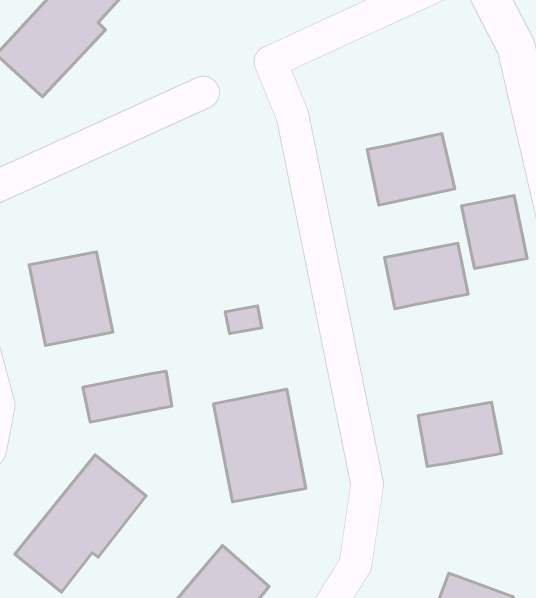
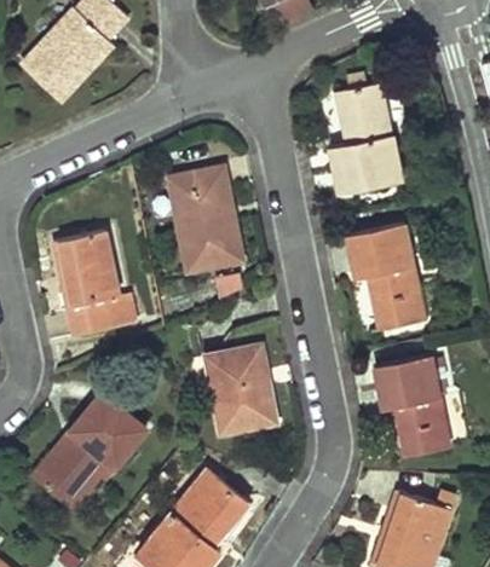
building: none -> [336,80,391,141]
building: none -> [166,166,244,273]
building: [461,196,527,269] -> [369,265,423,325]
building: [83,371,172,422] -> [63,294,137,336]
building: none -> [393,397,450,456]

